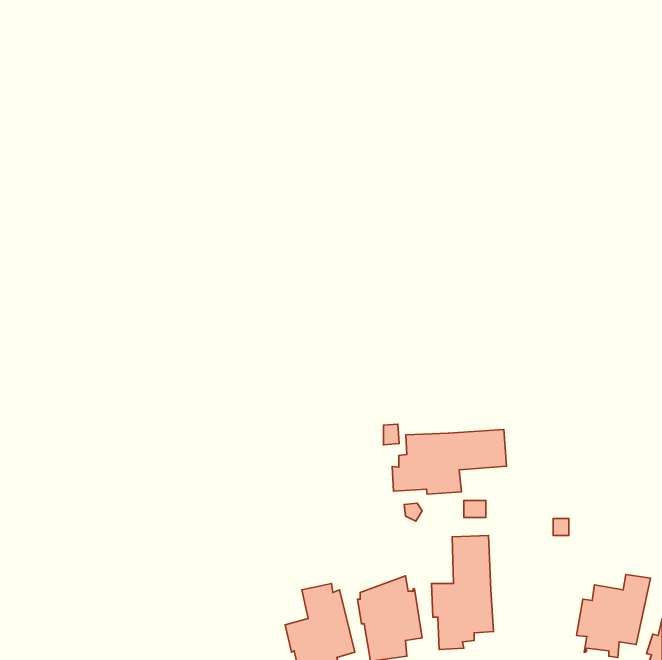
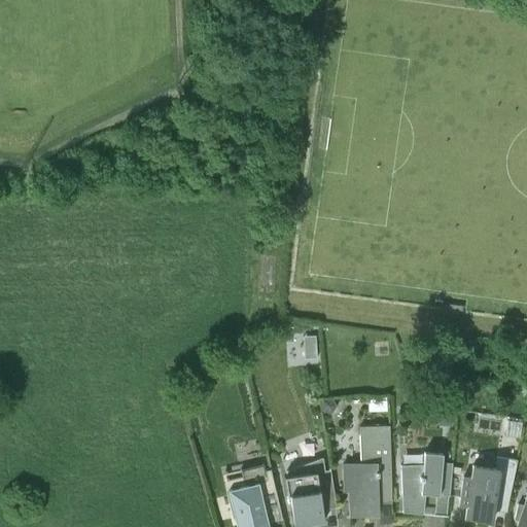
building: [392,430,507,494] -> none
building: none -> [400,454,452,516]

